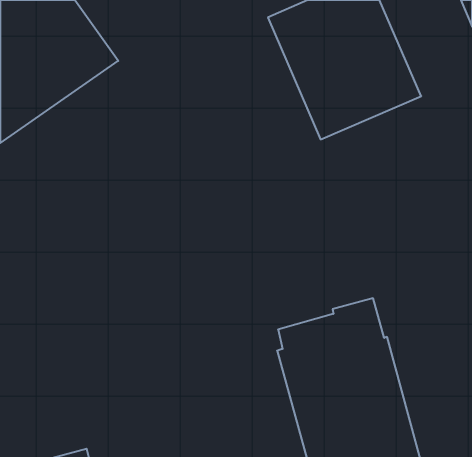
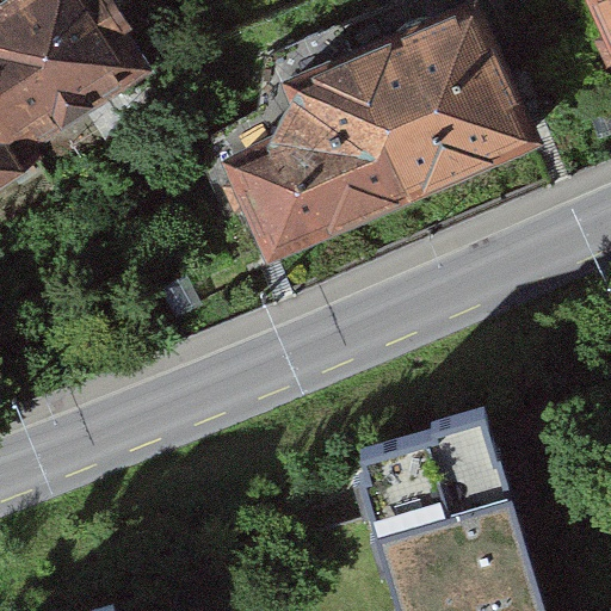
building: none -> [218,42,414,261]

